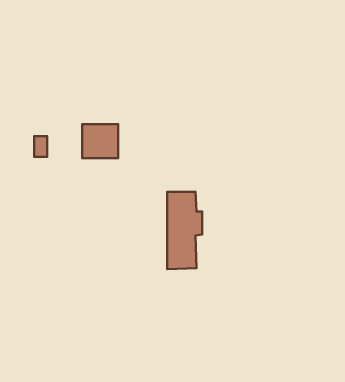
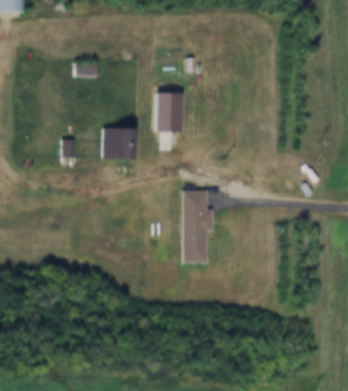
building: none -> [159,92,185,133]

